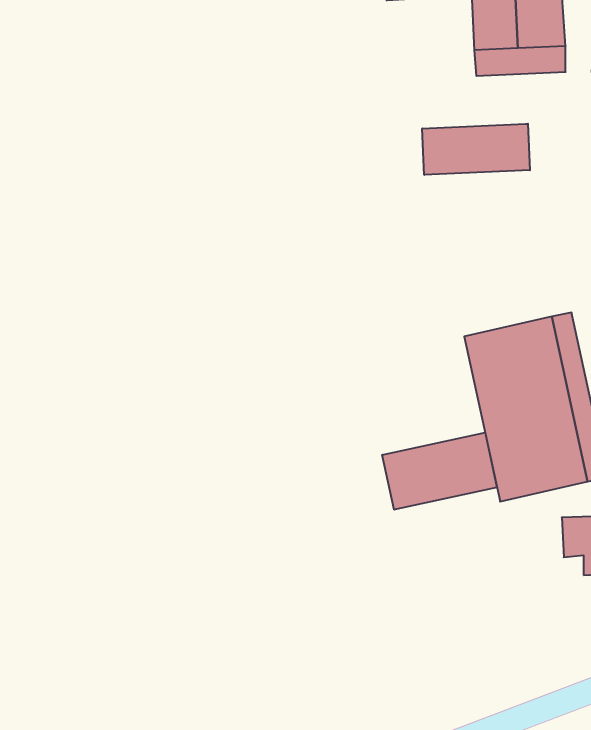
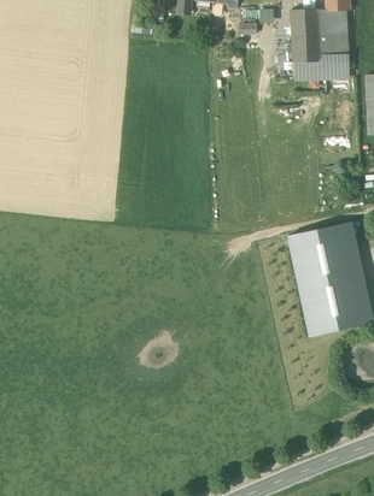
building: [422,124,530,175] -> none
building: [382,432,497,510] -> none

